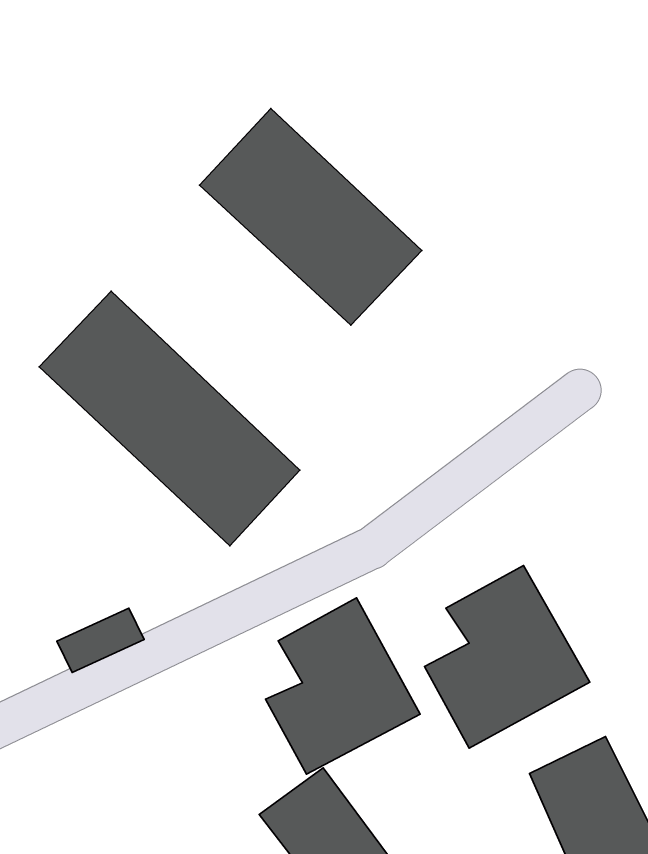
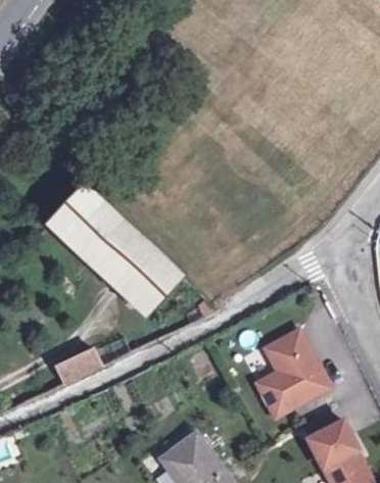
building: [199,108,422,325] -> none
building: [265,598,420,774] -> none

